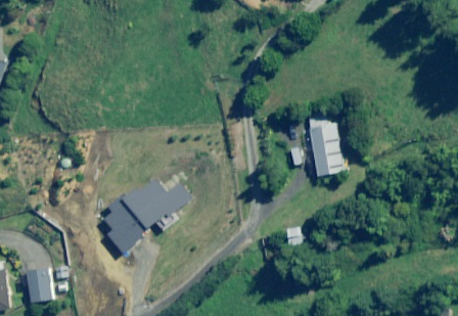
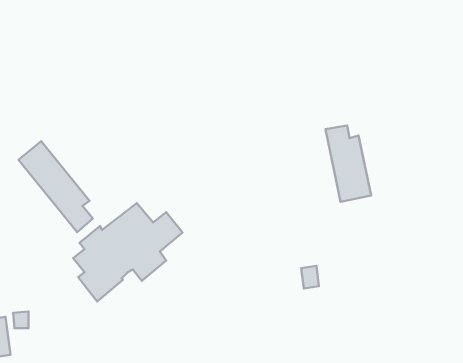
building: none -> [18,141,93,232]

